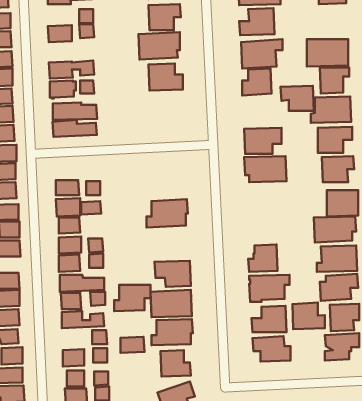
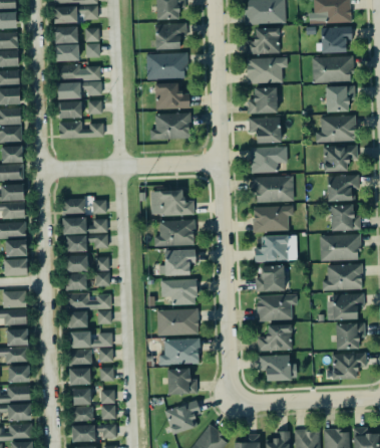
building: none -> [315,26,351,52]
building: none -> [55,27,79,43]
building: [281,86,314,111] -> [249,118,282,143]
building: none -> [149,111,189,139]
building: [53,120,97,137] -> [57,63,101,80]
building: none -> [157,188,194,215]
building: none -> [252,204,294,231]
building: none -> [256,235,298,262]
building: [114,285,150,311] -> [160,250,197,276]
building: [292,302,325,329] -> none
building: [120,337,145,353] -> [69,350,93,366]

